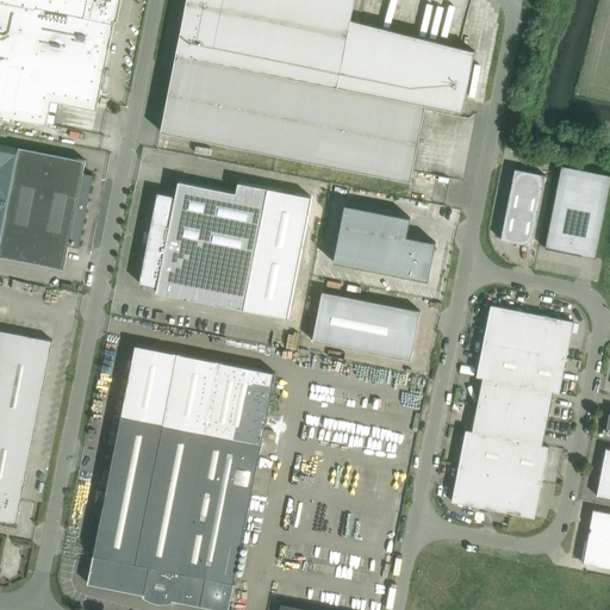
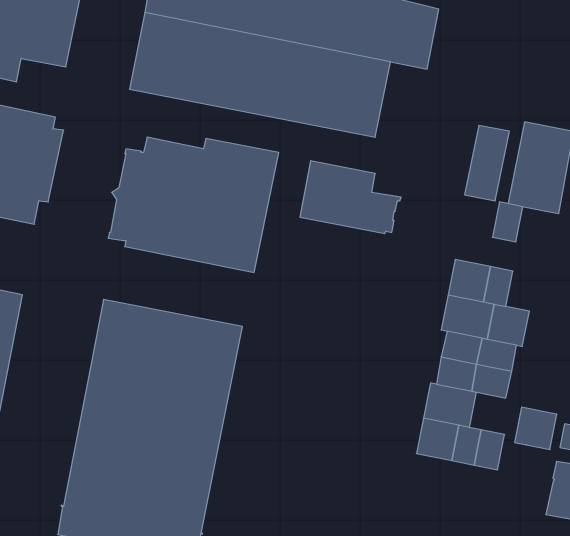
building: [311,292,419,359] -> none
building: [541,317,572,357] -> [492,202,523,242]
building: [504,440,547,483] -> [515,407,557,450]

